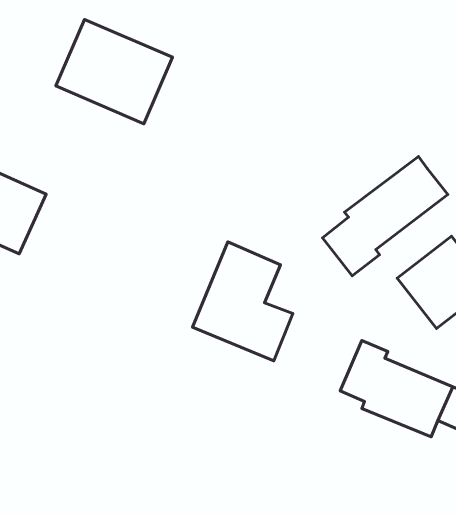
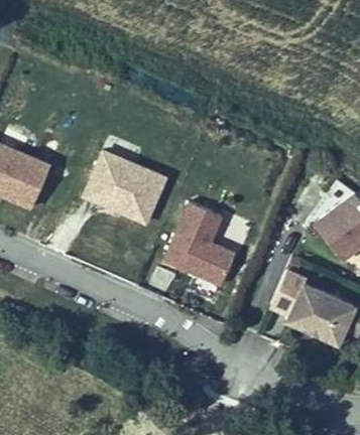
building: [56,19,172,124] -> [81,148,167,226]
building: [322,156,448,276] -> none

